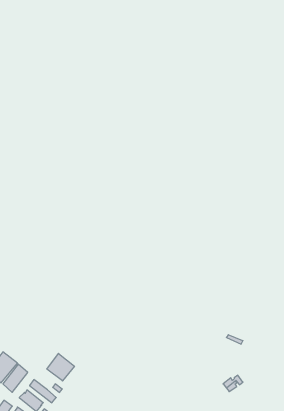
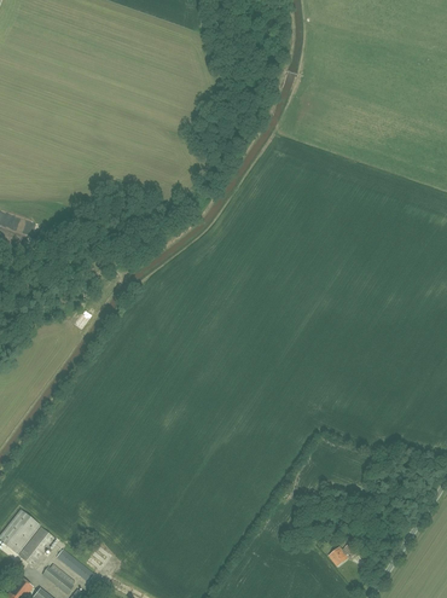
building: [47,353,74,381] -> none

